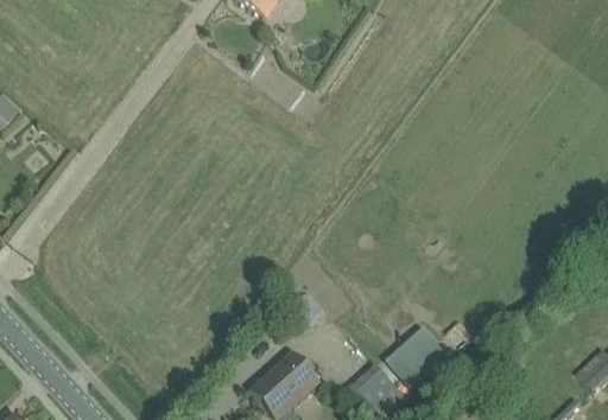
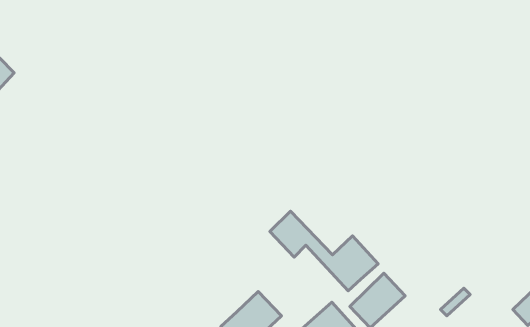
building: none -> [270,211,378,291]

